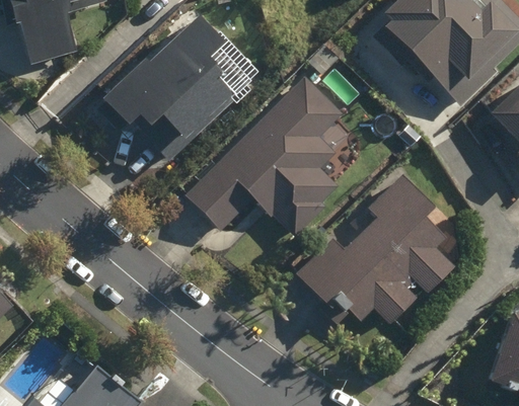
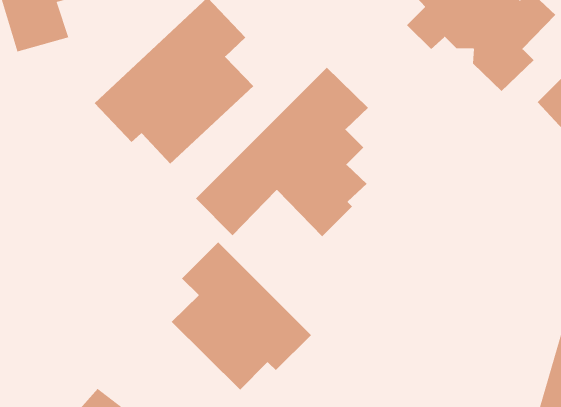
building: [300,172,453,318] -> none
building: none -> [171,242,312,390]

